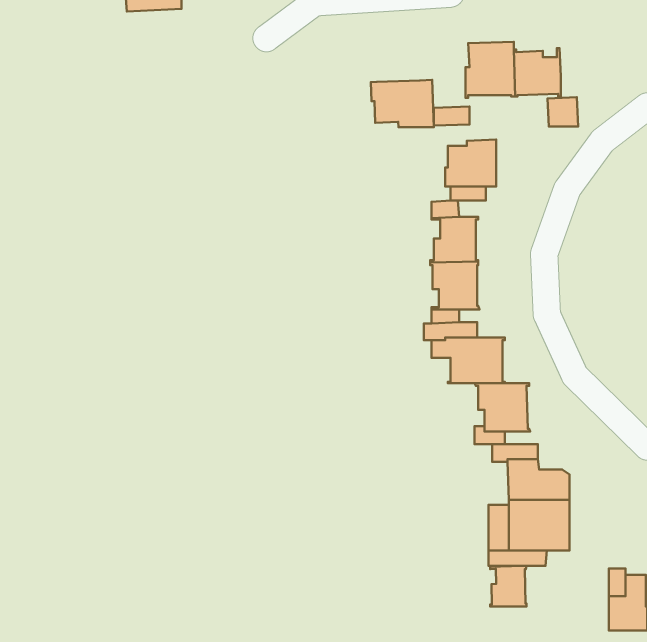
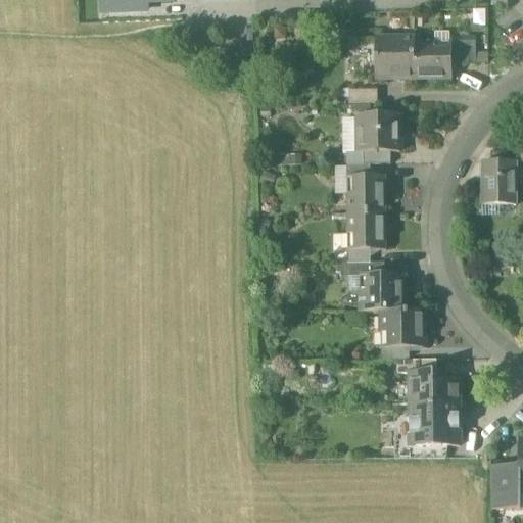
building: [371,80,434,127] -> none
building: [548,97,578,126] -> [450,38,475,61]
building: none -> [482,158,516,203]
building: [490,566,527,607] -> none

